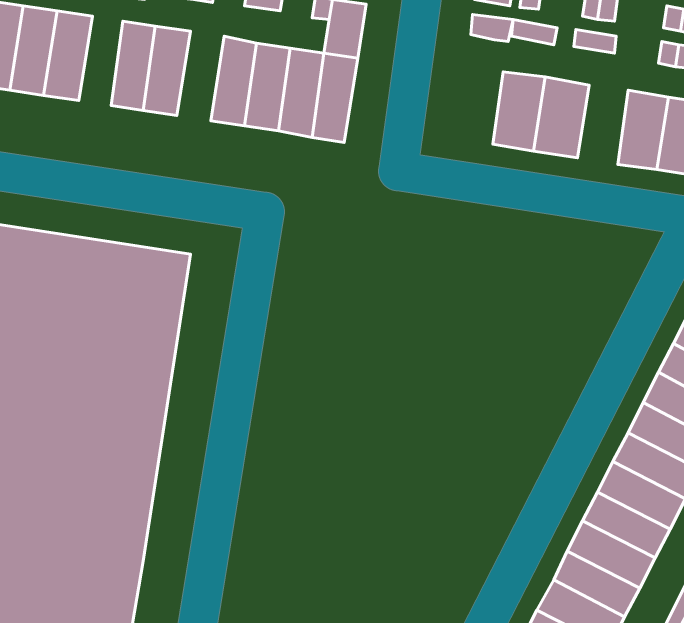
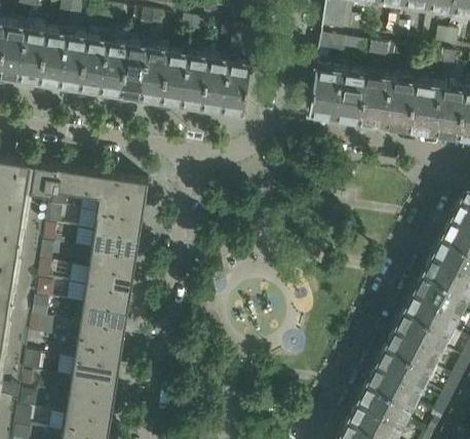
building: none -> [81,38,108,92]
building: none -> [141,47,169,102]
building: none -> [309,68,339,116]
building: none -> [384,80,415,128]

